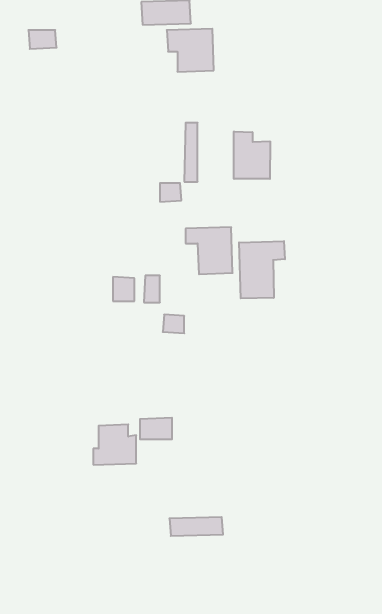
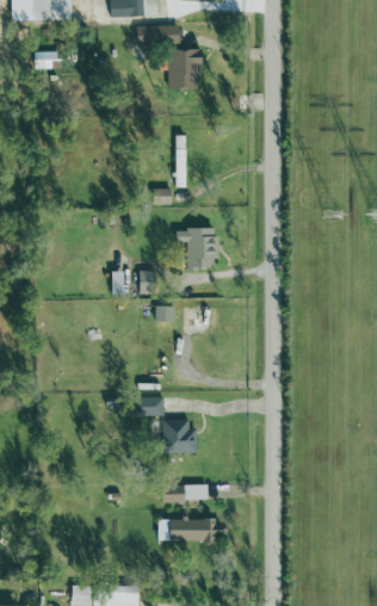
building: [234,131,270,179] -> none
building: [239,241,285,298] -> none
building: [93,424,136,465] -> [159,418,197,453]
building: none -> [157,518,218,540]

